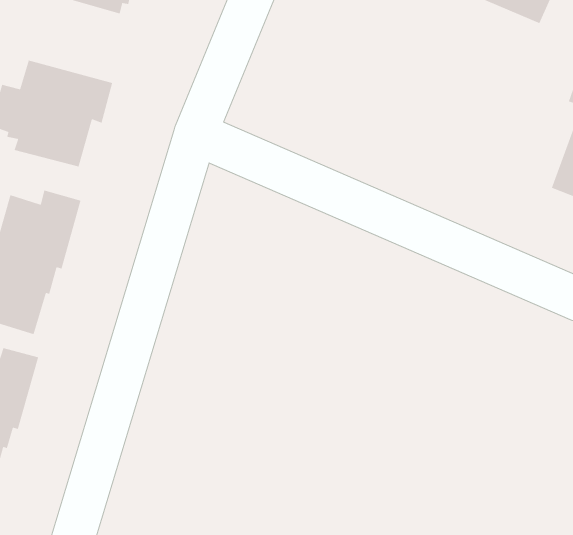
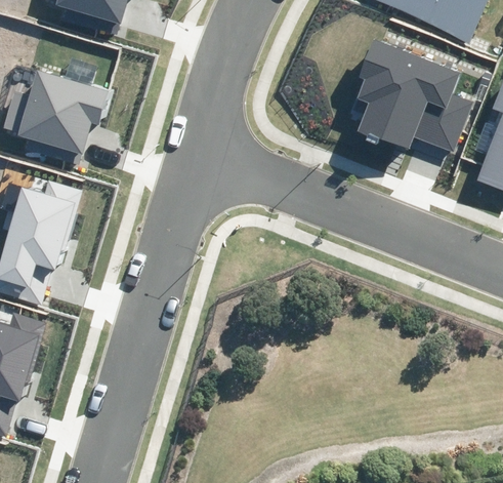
building: none -> [357,38,473,152]

